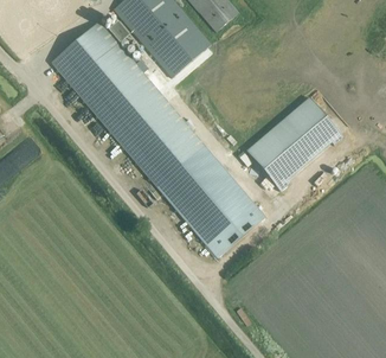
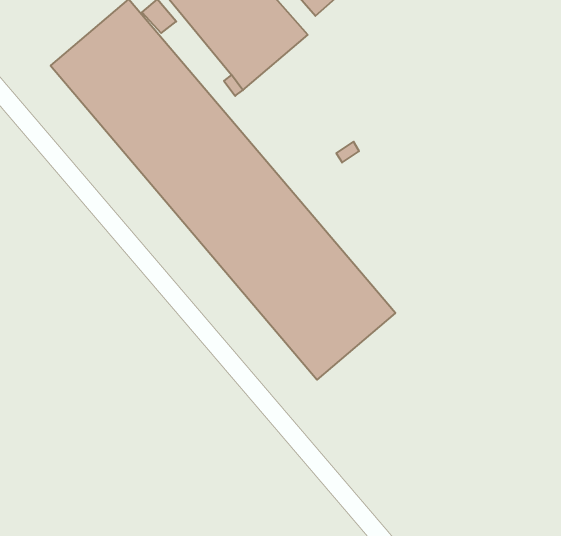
building: [245,96,342,190] -> none

